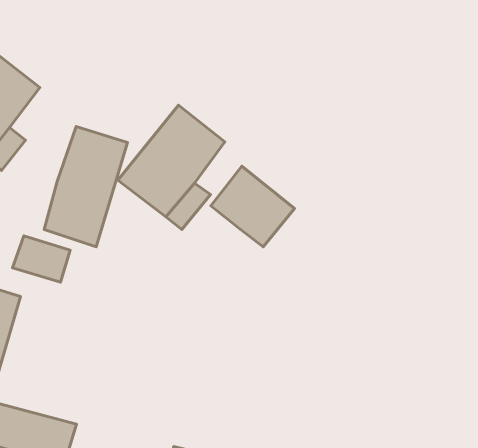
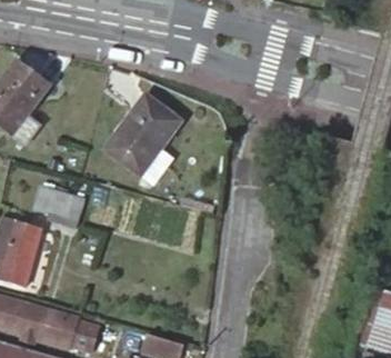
building: [44,127,128,247] -> none
building: [211,166,294,247] -> none

